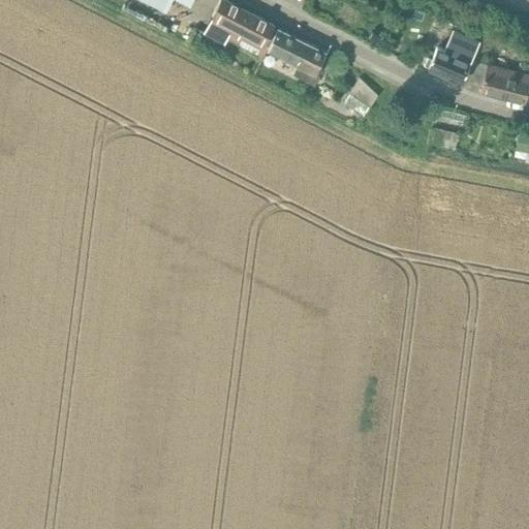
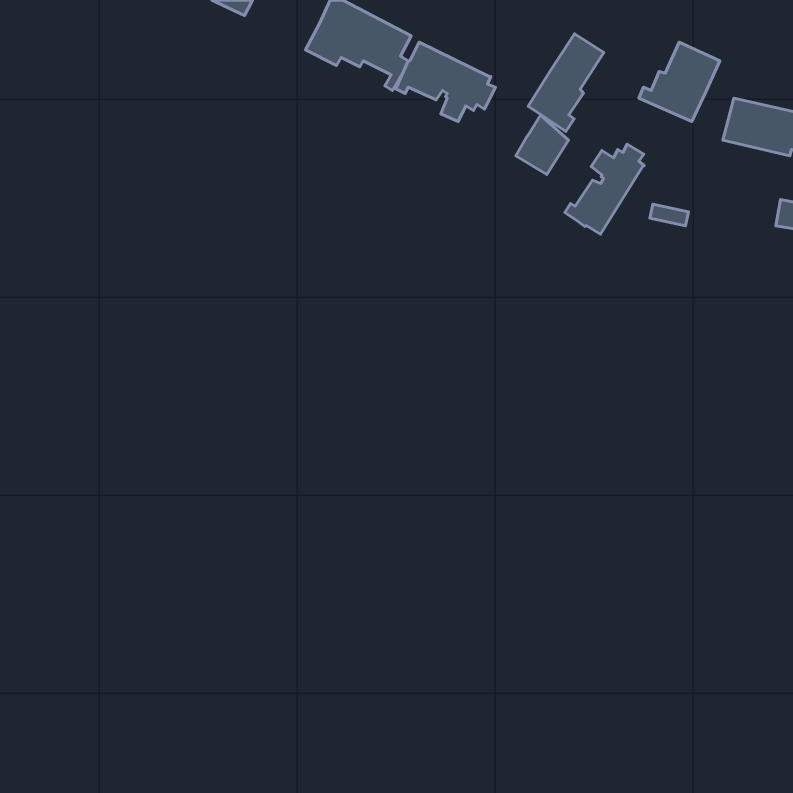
building: none -> [528,34,604,131]
building: none -> [565,144,644,234]

